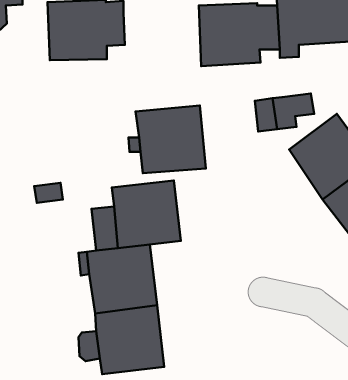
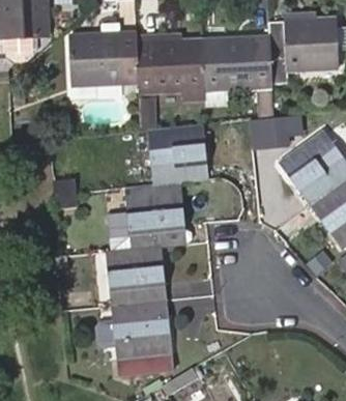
building: none -> [137,37,204,94]

